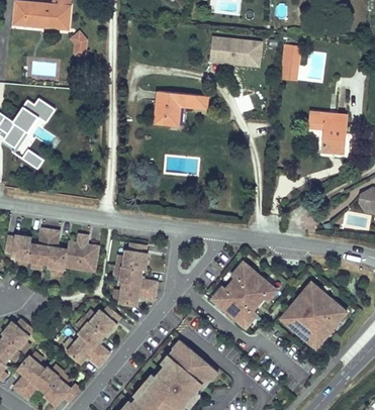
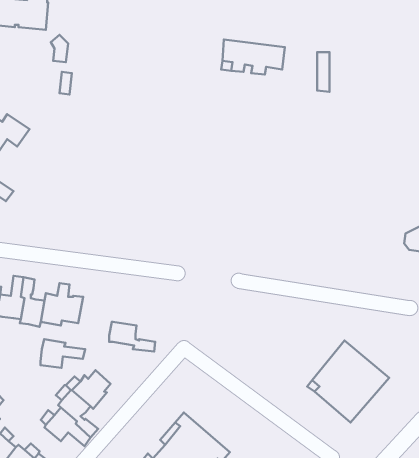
building: [155,92,207,126] -> none
building: [309,113,347,155] -> none
building: [122,242,148,270] -> none
building: [212,263,275,328] -> none
building: [119,283,156,306] -> [40,339,85,368]

